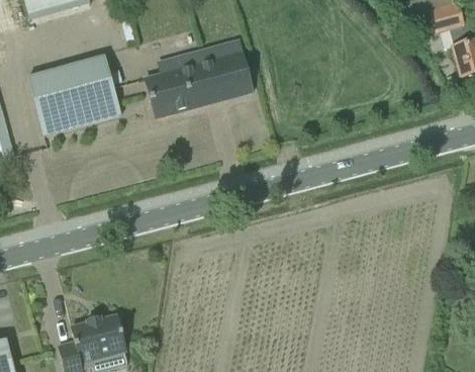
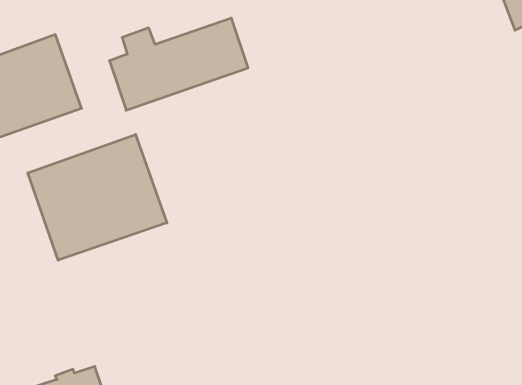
building: none -> [28,134,167,260]

